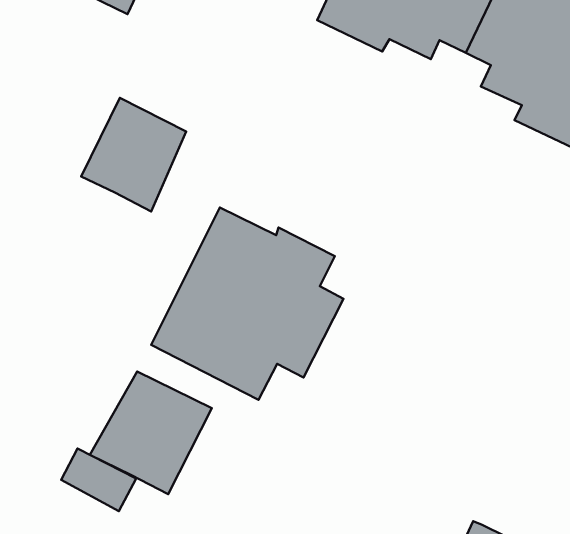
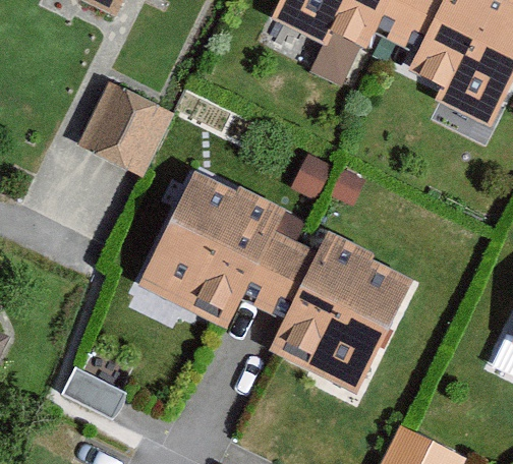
building: none -> [262,233,412,396]
building: [90,372,212,494] -> none

